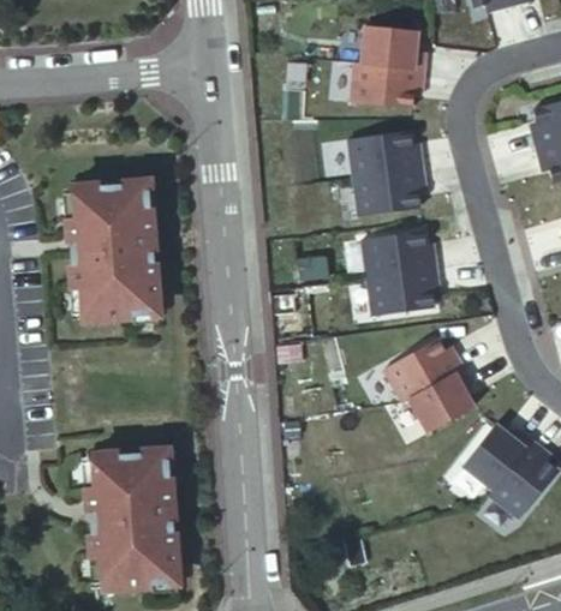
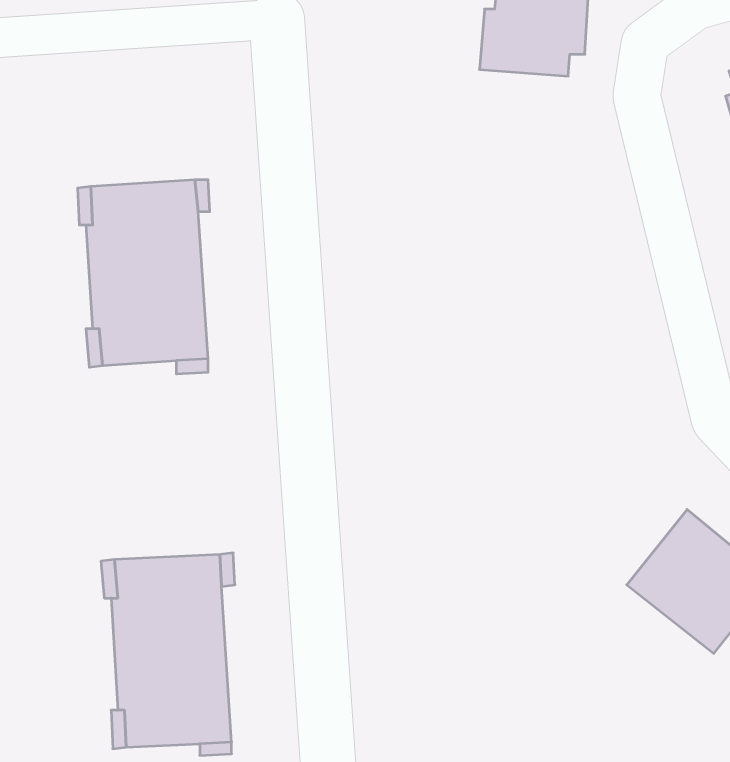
building: [350,127,430,214] -> none
building: [364,230,442,315] -> none
building: [384,330,482,432] -> none

